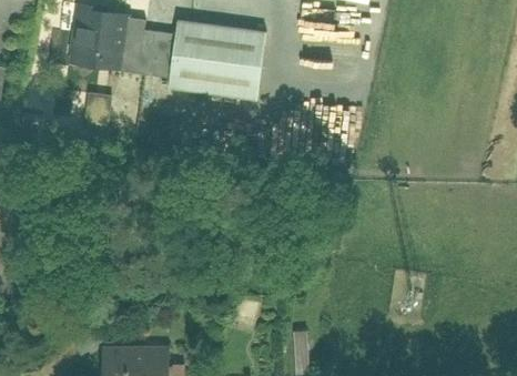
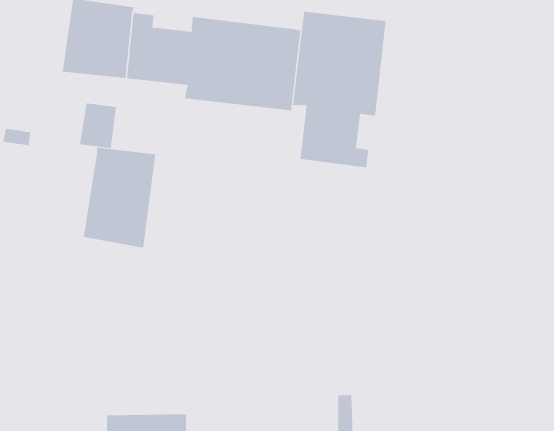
building: none -> [292,11,386,168]
building: none -> [83,147,156,249]

